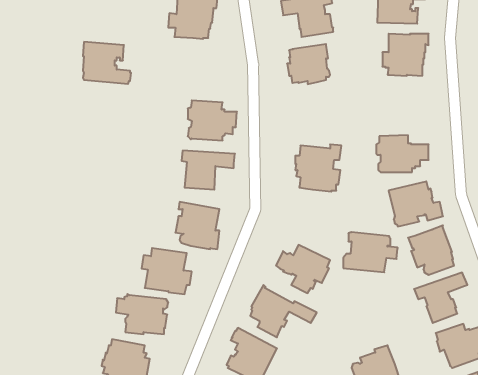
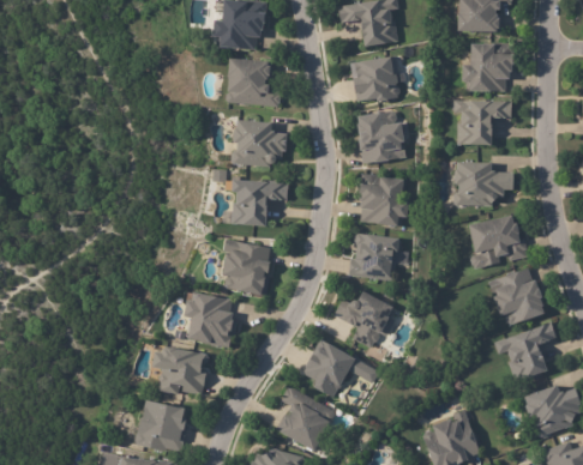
building: [83,42,131,84] -> [224,58,281,107]
building: none -> [456,99,516,145]
building: none -> [354,110,409,164]
building: [343,232,398,272] -> [347,234,410,280]

